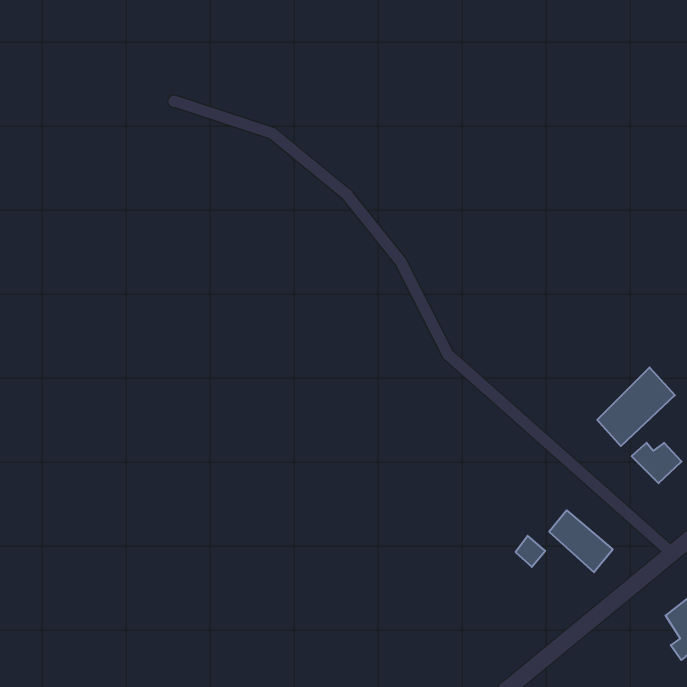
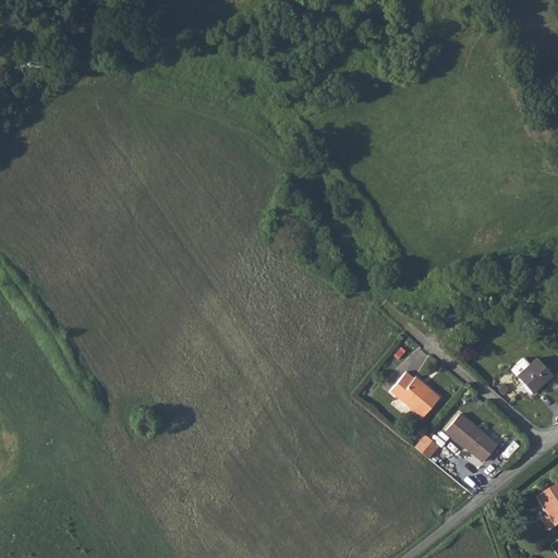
building: [597,367,675,446] -> none
building: none -> [388,369,437,415]

